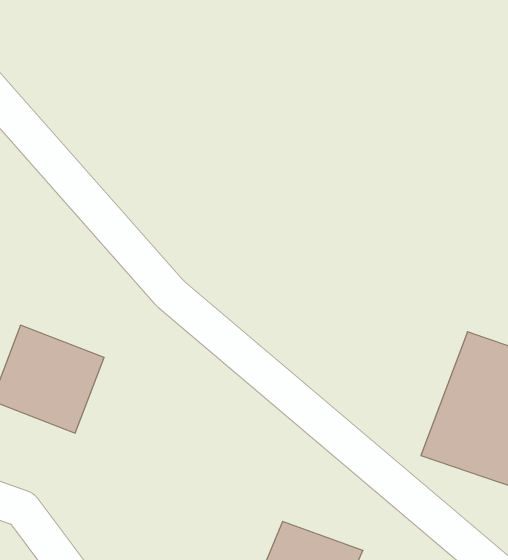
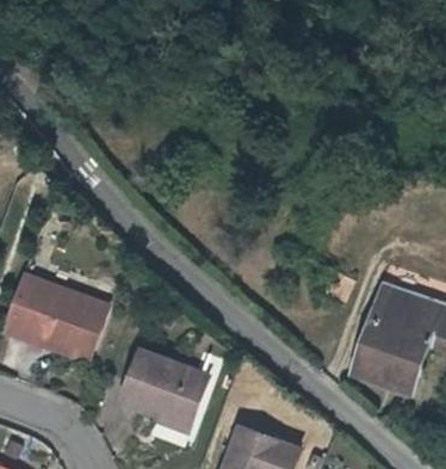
building: none -> [124,348,211,440]

